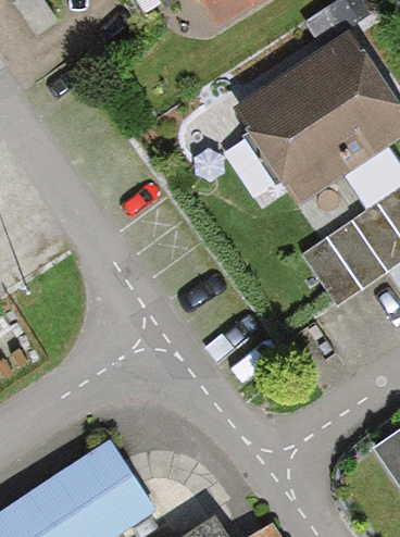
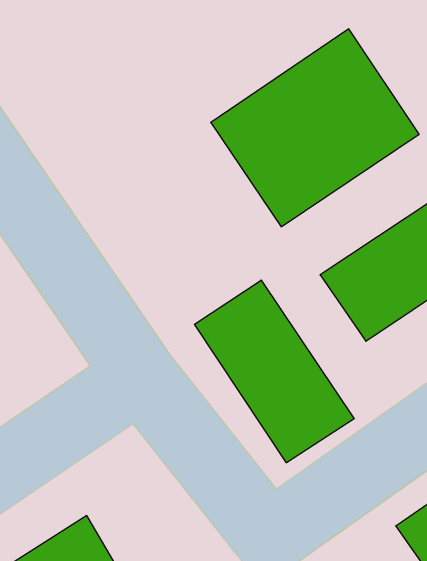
building: none -> [195,280,354,463]

